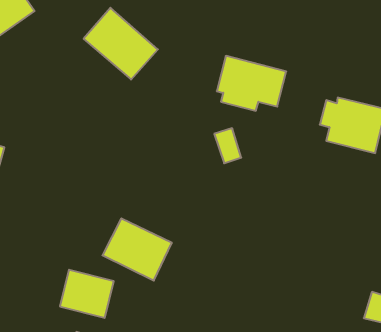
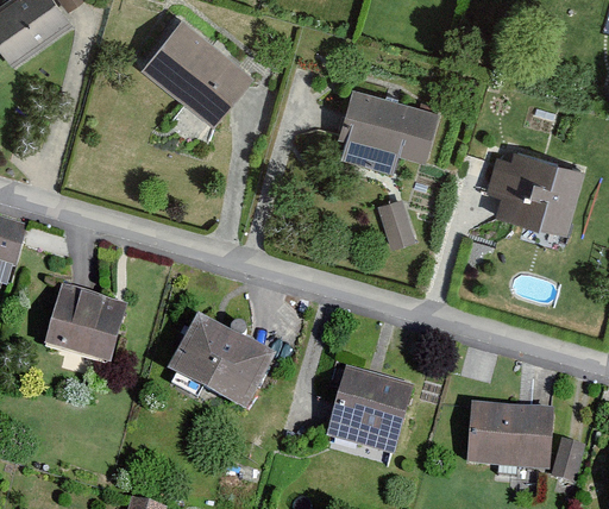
building: [214,128,241,163] -> [377,194,416,245]
building: none -> [329,371,412,455]
building: [60,270,114,318] -> [46,294,125,364]
building: none -> [467,402,553,463]

